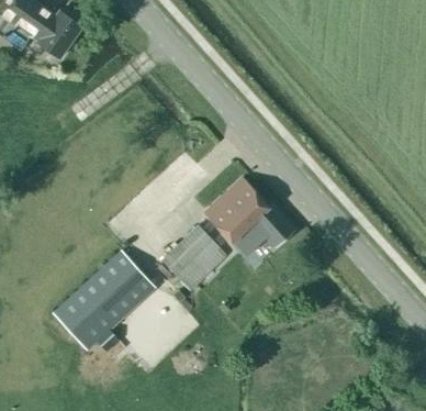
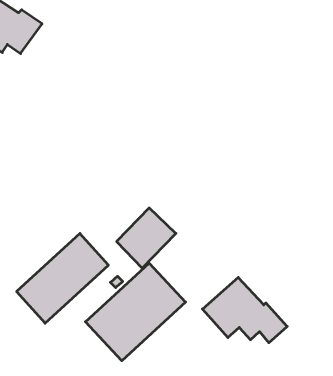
building: [204,178,295,248] -> [202,277,287,343]
building: none -> [85,263,186,361]

